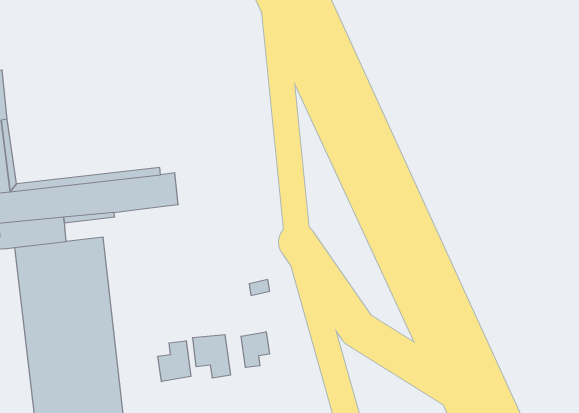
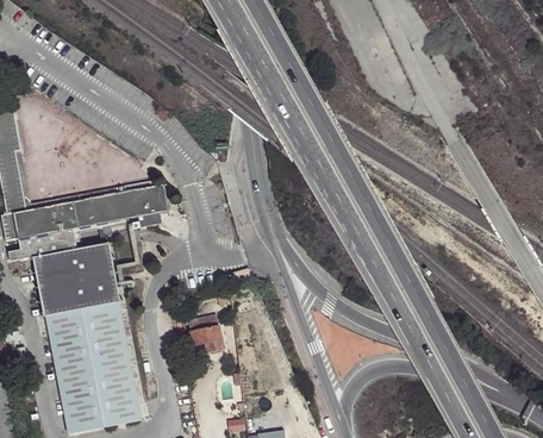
building: [241,332,269,368] -> none
building: [158,341,191,382] -> none

